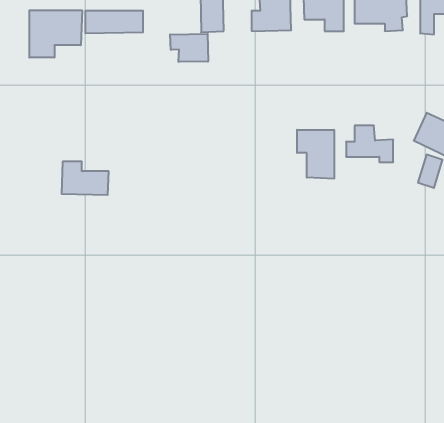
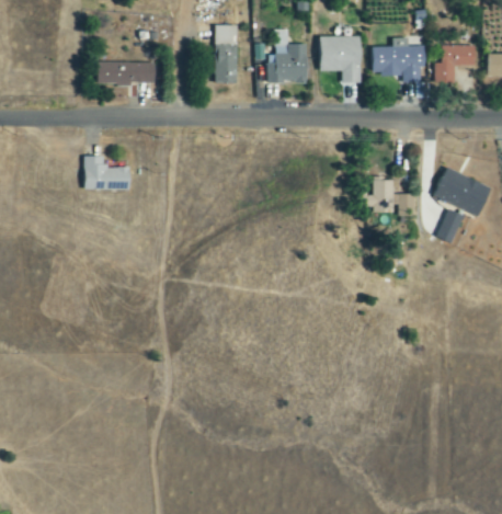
building: [29,10,82,58] -> none
building: [170,34,208,62] -> none
building: [297,130,334,179] -> none
building: [62,162,109,195] -> [82,156,130,190]

